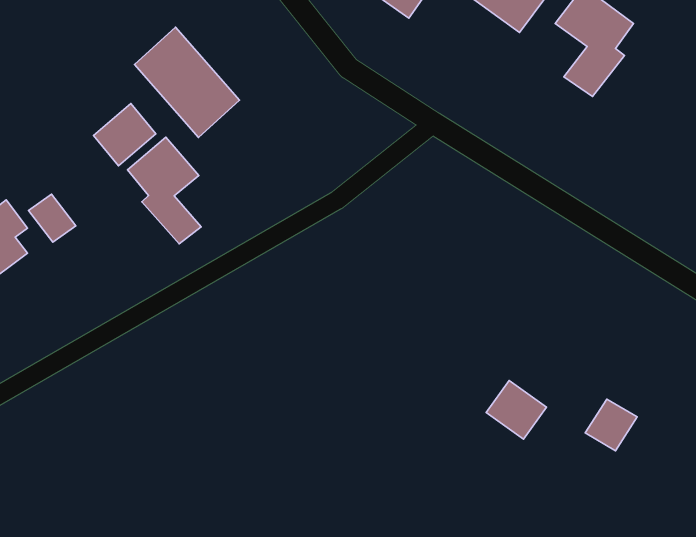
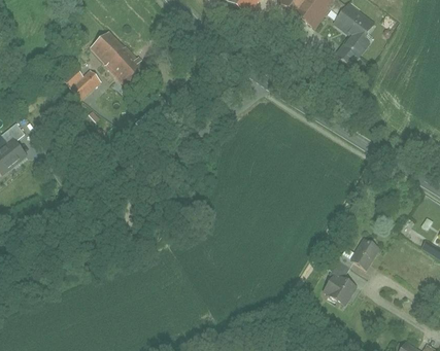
building: [128,137,201,244] -> none
building: [29,194,76,242] -> none
building: [486,380,547,439] -> [321,271,357,305]

